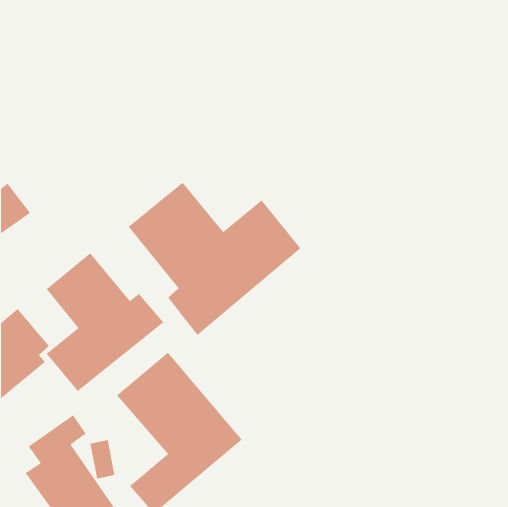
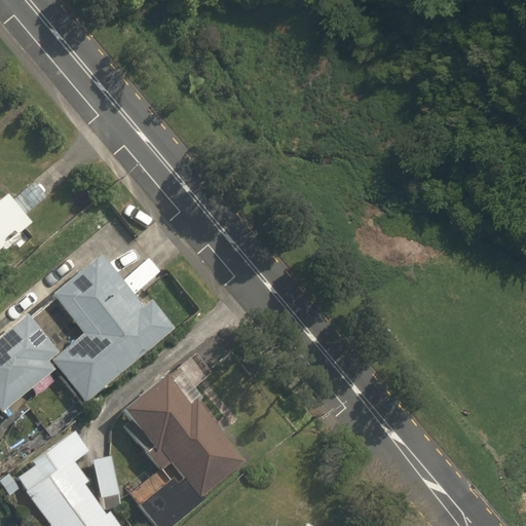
building: [128,182,301,336] -> none

